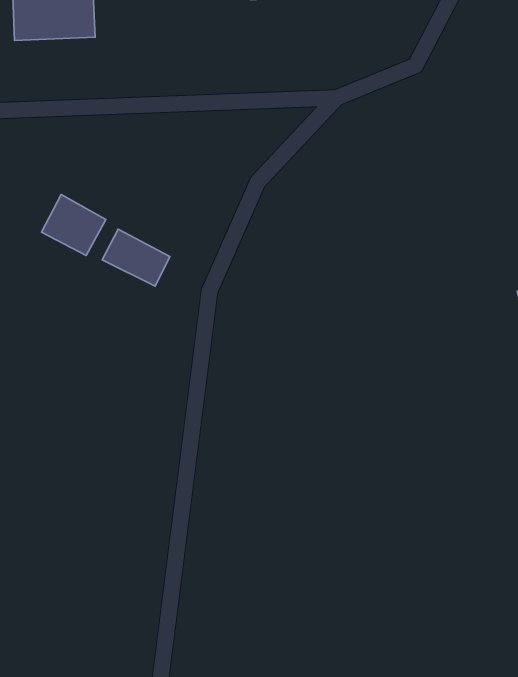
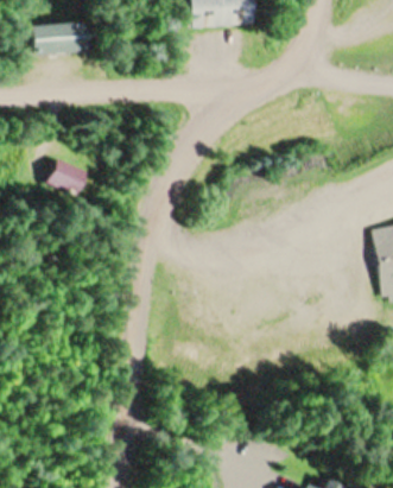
building: [102,229,170,286] -> none

